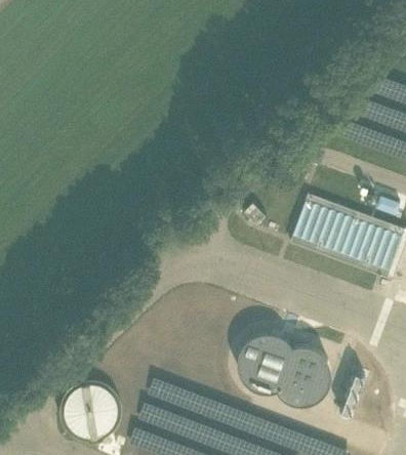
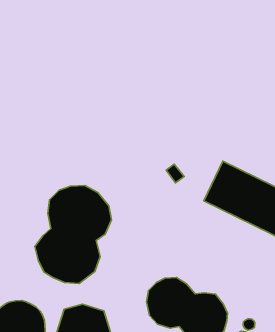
building: none -> [35,186,111,283]

